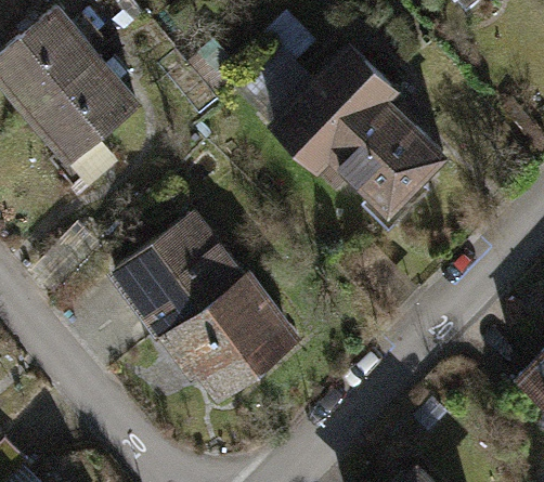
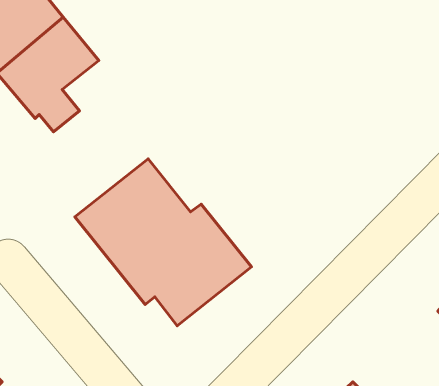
building: [268,43,448,214] -> none

